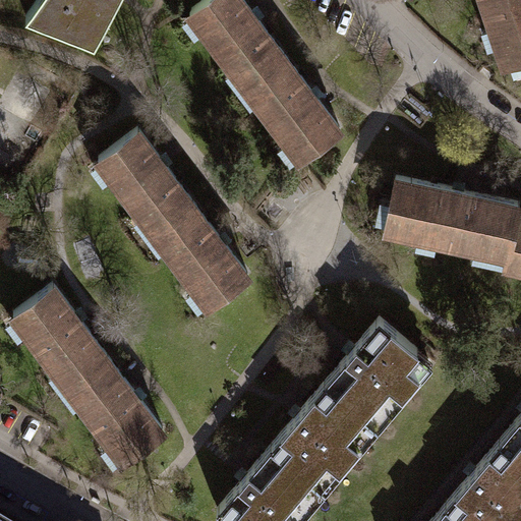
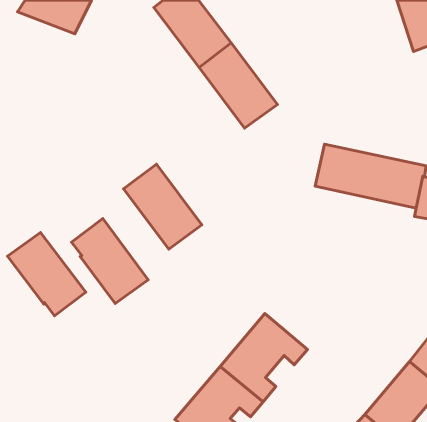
building: [98,135,192,238] -> none
building: [324,325,417,432] -> none
building: [69,363,162,466] -> [72,218,148,304]

